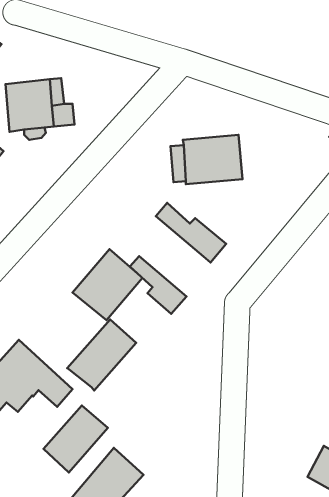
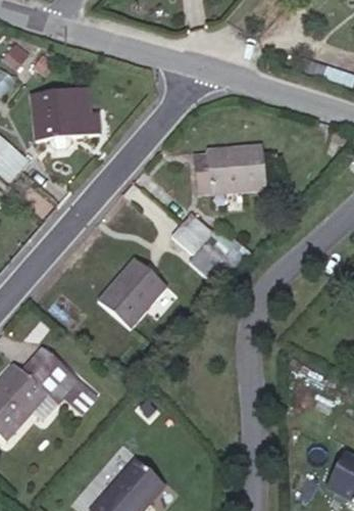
building: [130,256,187,314] -> [170,224,226,281]
building: [67,320,136,390] -> none
building: [43,405,108,472] -> none

